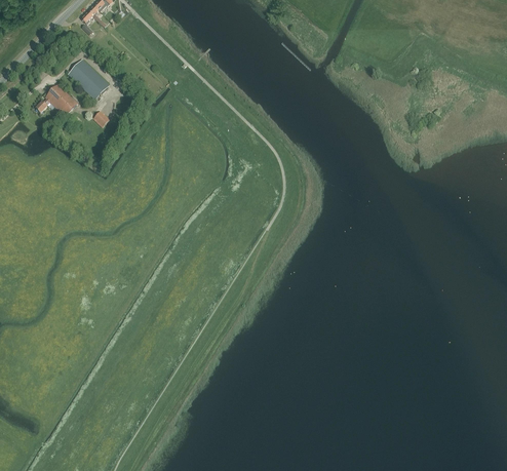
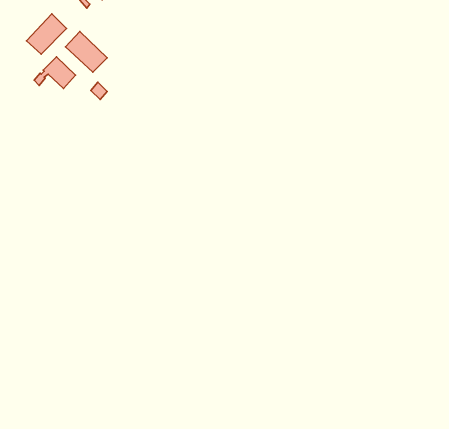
building: none -> [26,14,67,54]

